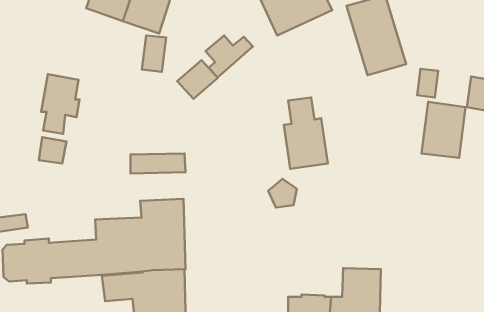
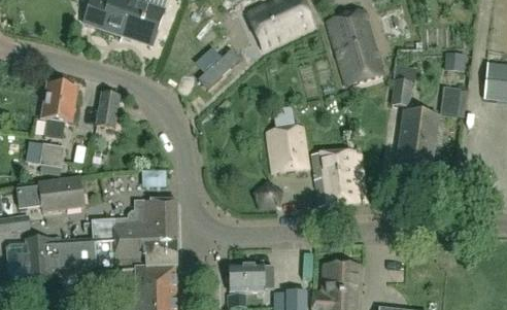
building: [142,35,166,72] -> [97,93,120,127]
building: [177,60,218,99] -> none
building: none -> [312,149,365,206]
building: none -> [16,176,84,210]
building: none -> [230,265,274,291]

